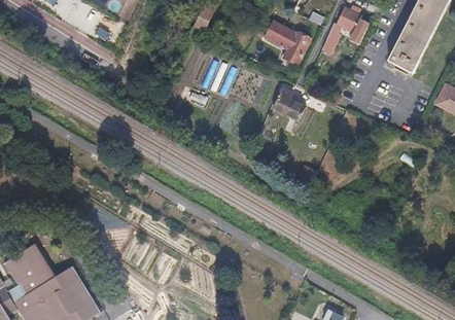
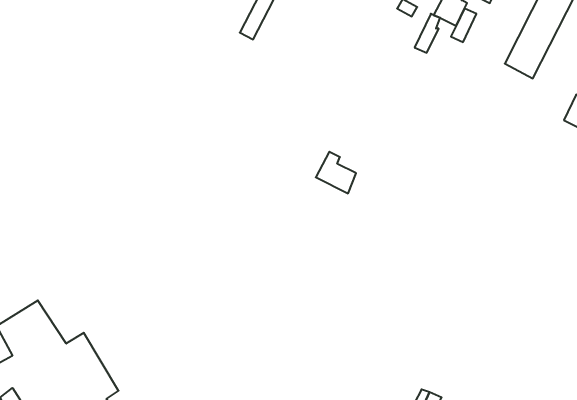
building: [264,20,310,65] -> none
building: [273,88,304,120] -> [316,152,356,193]

